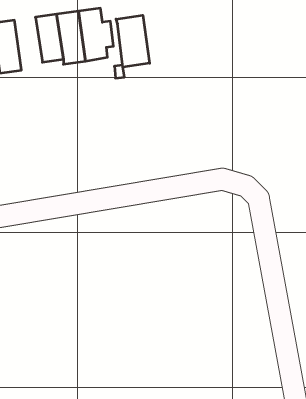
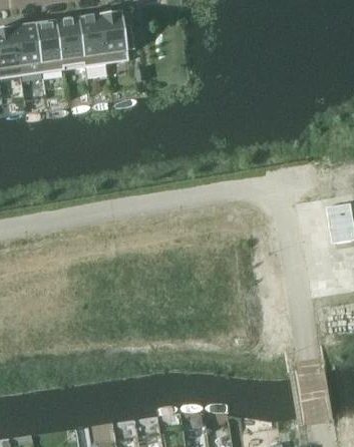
building: [116,15,150,67] -> none
building: none -> [32,21,60,74]

